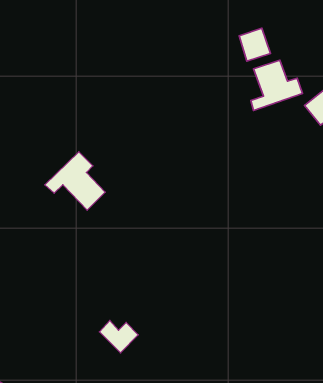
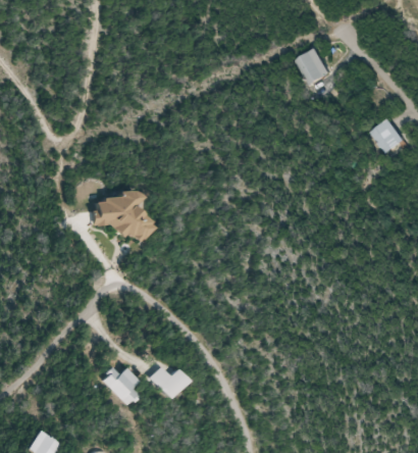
building: [251,60,302,110] -> none
building: none -> [100,368,138,407]

